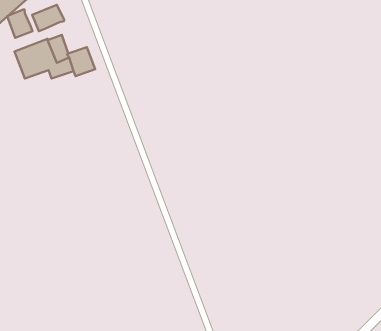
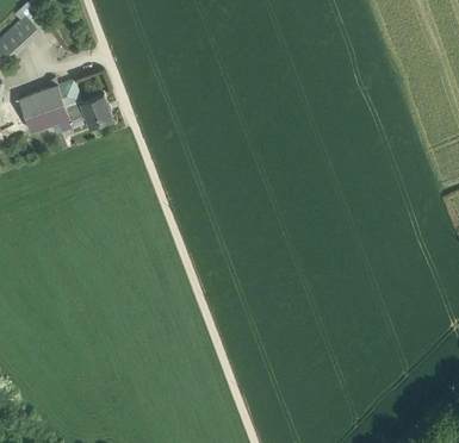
building: [32,5,64,31] -> none
building: [7,9,32,38] -> none

